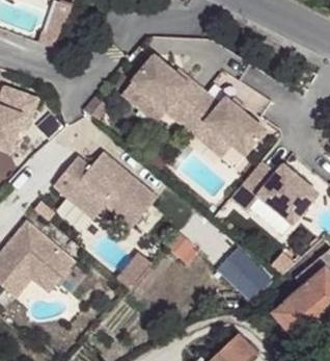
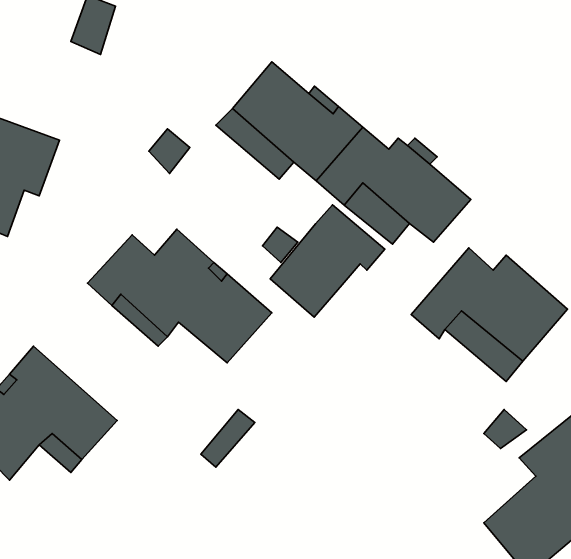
building: none -> [270,205,385,317]
building: [218,249,269,300] -> none

